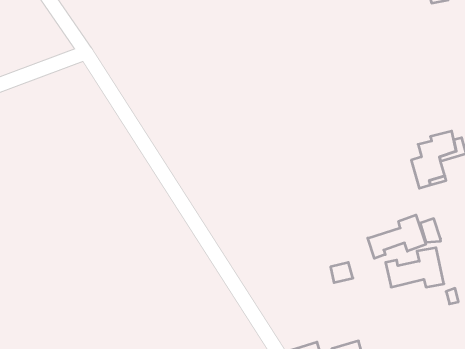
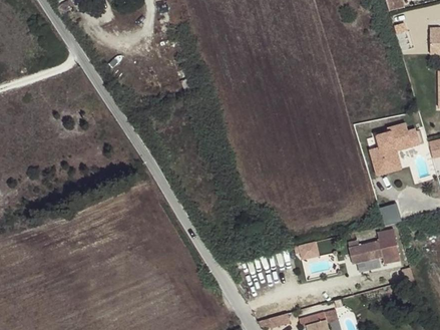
building: [368,215,426,258] -> none

